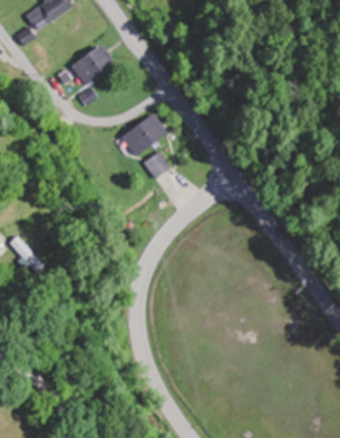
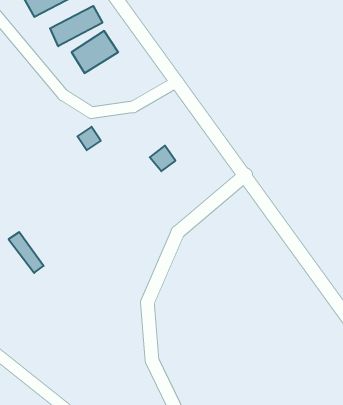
building: none -> [50,6,102,46]
building: [120,113,166,156] -> none

